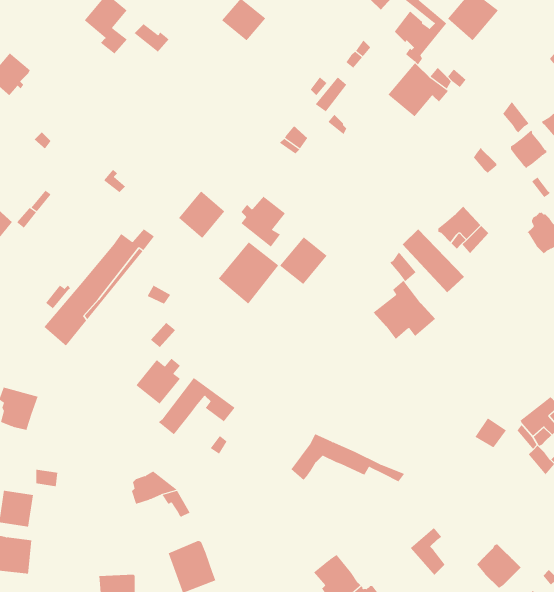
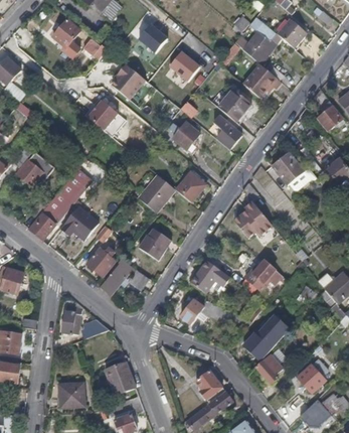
building: none -> [170,49,199,80]
building: none -> [112,64,144,100]
building: none -> [218,90,251,124]
building: none -> [213,117,242,149]
building: [178,190,225,239] -> [88,101,117,131]
building: [241,196,286,247] -> [172,123,200,155]
building: none -> [15,150,52,184]
building: none -> [59,206,98,241]
building: none -> [139,230,170,261]
building: none -> [245,259,276,291]
building: none -> [191,260,231,293]
building: none -> [62,304,81,333]
building: none -> [238,312,290,364]

